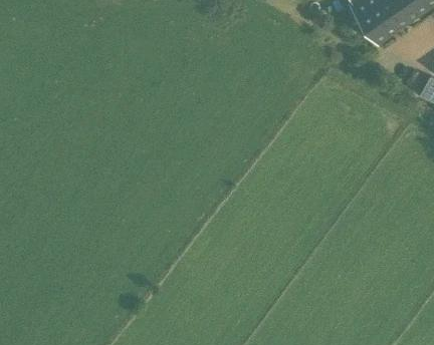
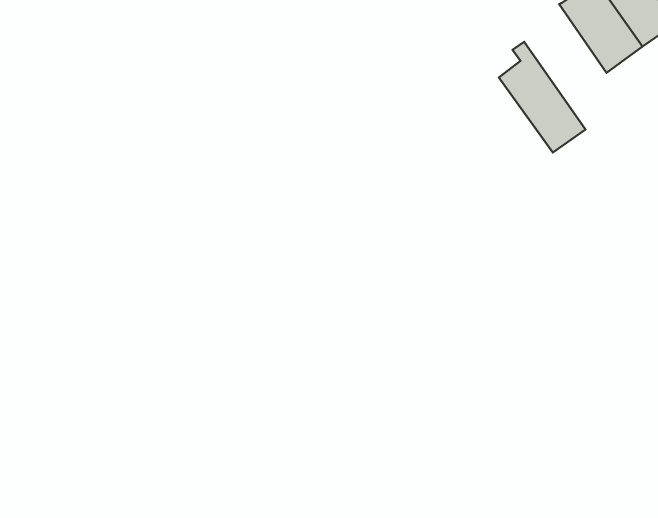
building: none -> [499,42,586,152]

